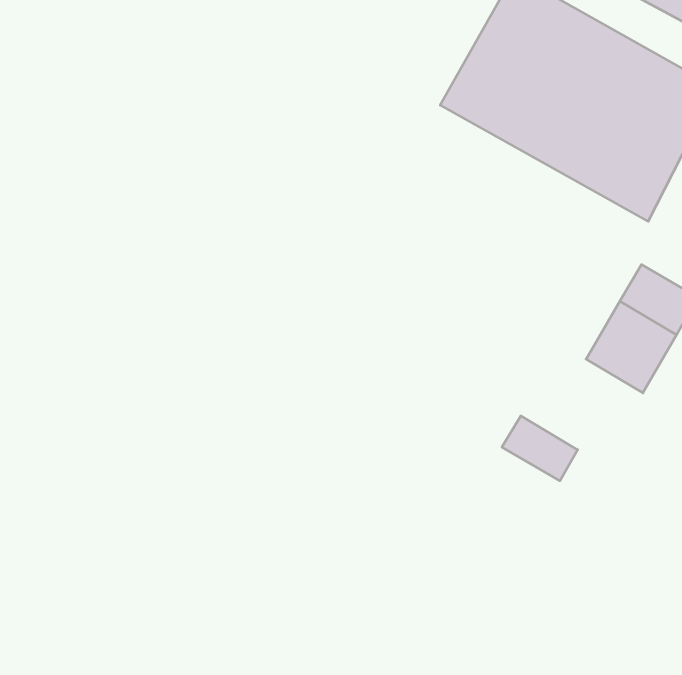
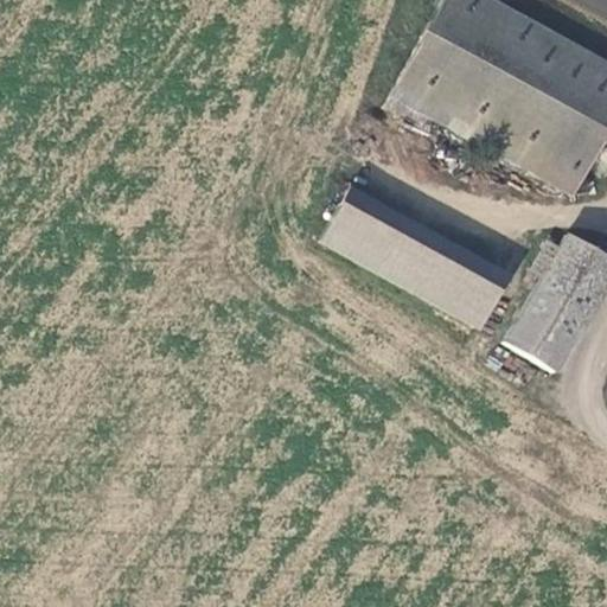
building: none -> [325,199,500,326]
building: [502,416,578,481] -> [505,315,571,372]

